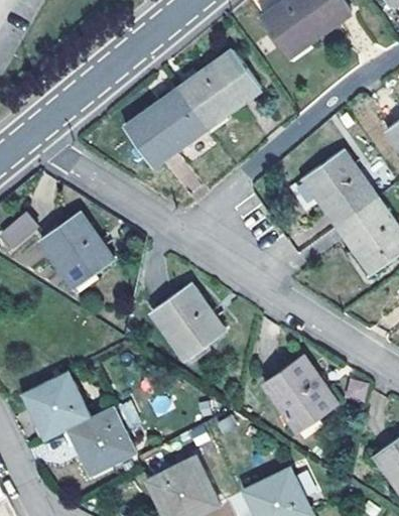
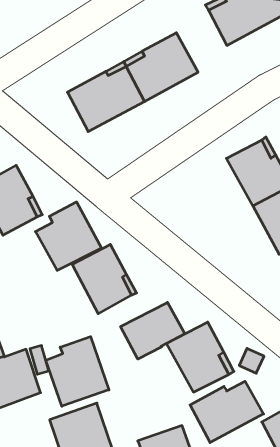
building: none -> [35,202,102,270]
building: none -> [121,302,185,359]
building: none -> [46,337,109,406]
building: none -> [190,381,264,443]

